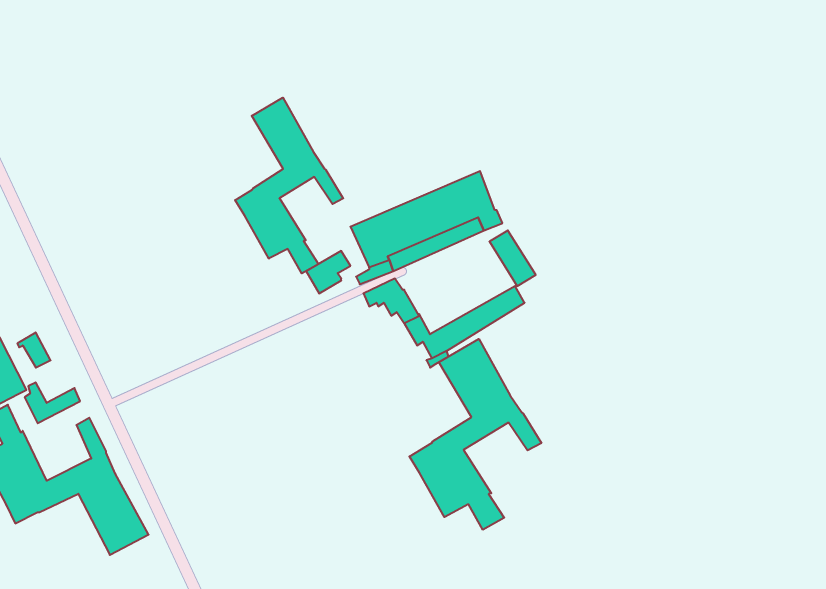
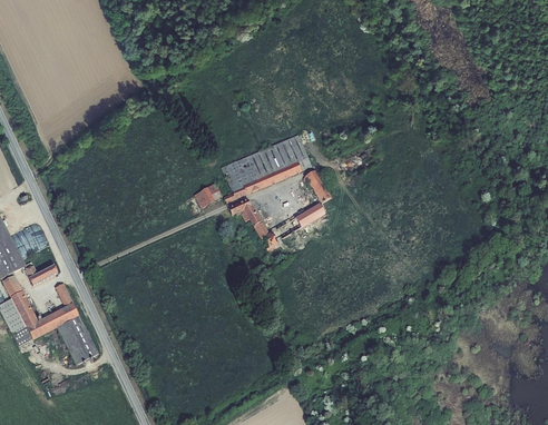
building: [235,98,343,273] -> none
building: [409,339,541,530] -> none

